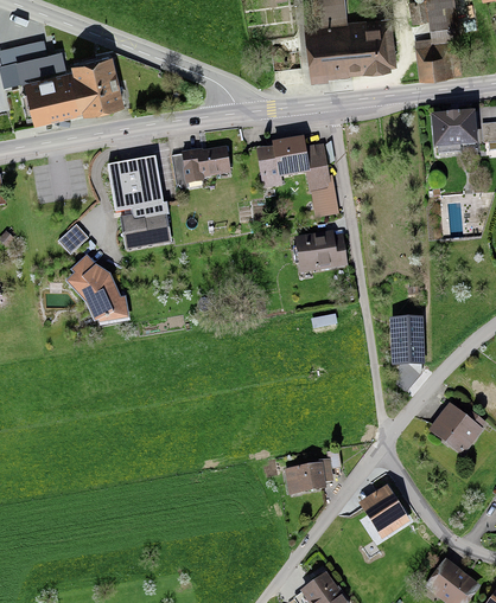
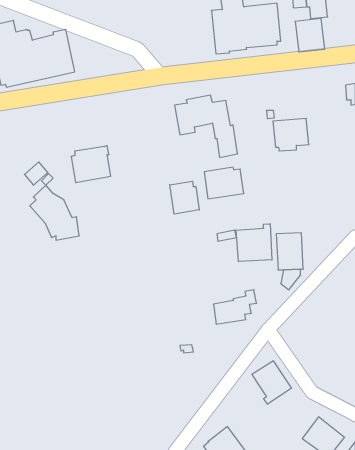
building: [430,110,477,153] -> [273,118,309,151]
building: [171,146,230,187] -> none
building: [107,155,163,211] -> none
building: none -> [170,181,199,214]
building: none -> [236,224,272,262]
building: [427,402,487,456] -> none
building: [284,449,341,494] -> [213,290,257,324]

